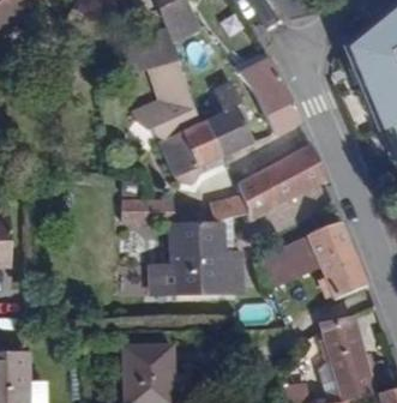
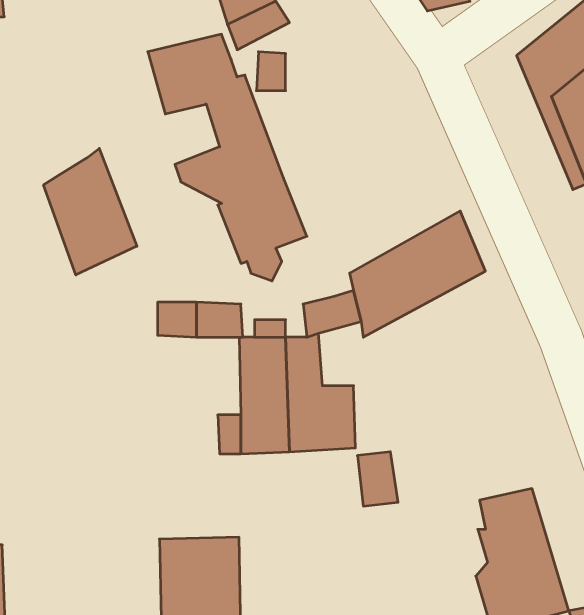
building: [241,58,300,133] -> none
building: [200,83,253,160] -> none
building: none -> [44,148,137,275]
building: [261,219,367,299] -> none

